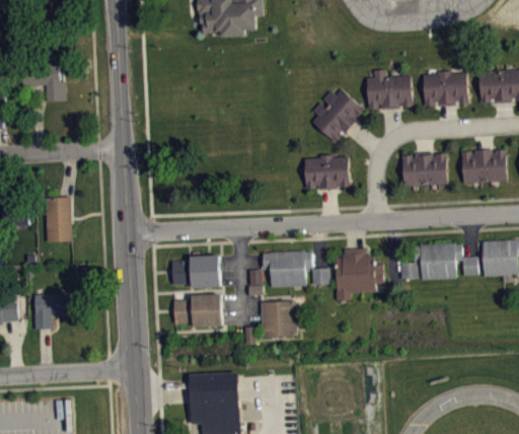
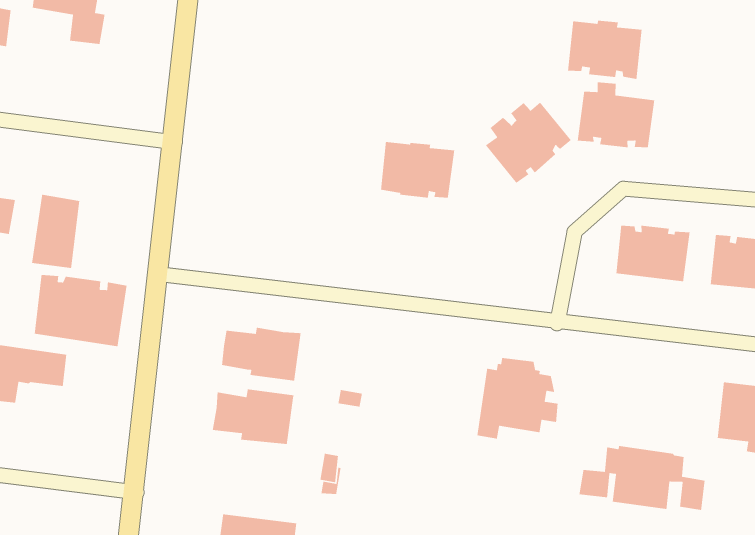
building: [423,71,468,106] -> [567,20,642,80]
building: [304,155,349,190] -> [380,141,455,198]
building: [400,243,477,280] -> [578,445,705,511]
building: none -> [34,274,127,347]
building: [263,250,330,287] -> none
building: [261,301,297,337] -> none

